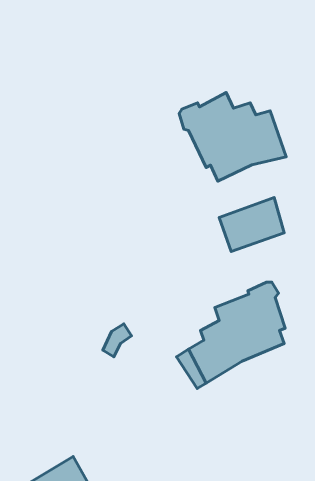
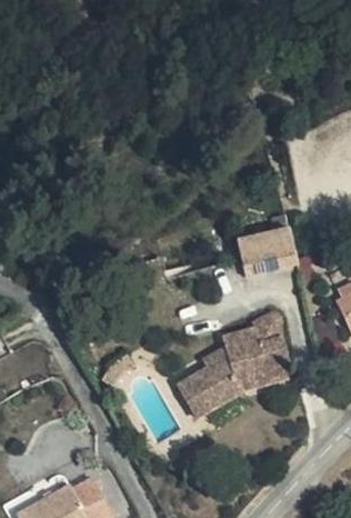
building: [179,92,286,181] -> none

